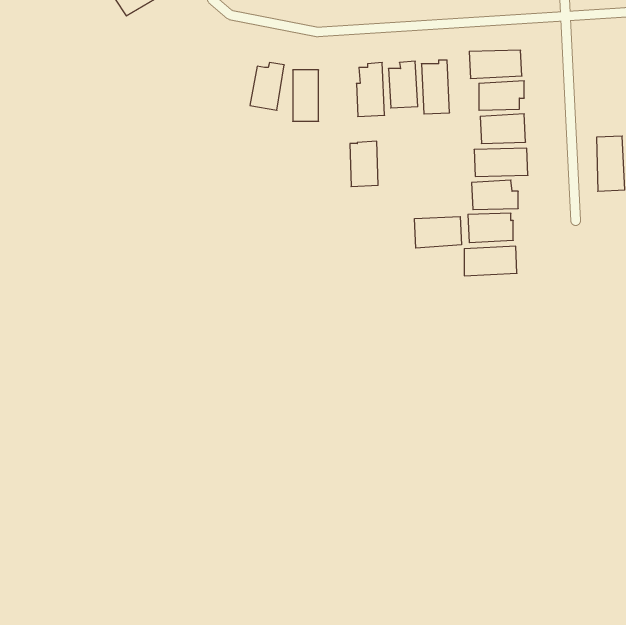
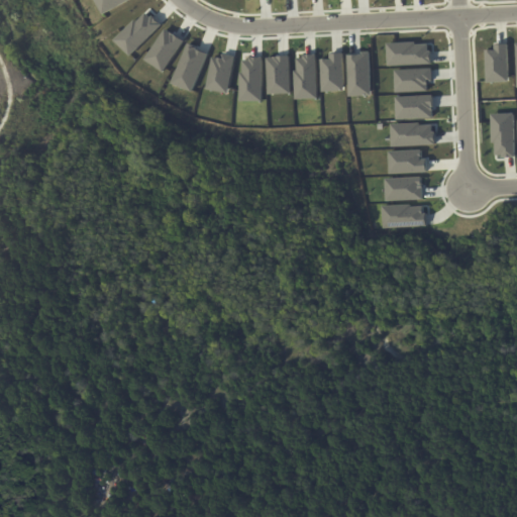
building: none -> [115,9,161,55]
building: none -> [145,27,184,70]
building: none -> [486,42,509,82]
building: none -> [172,43,208,91]
building: [350,141,378,187] -> [267,54,290,91]
building: [415,217,461,248] -> none

